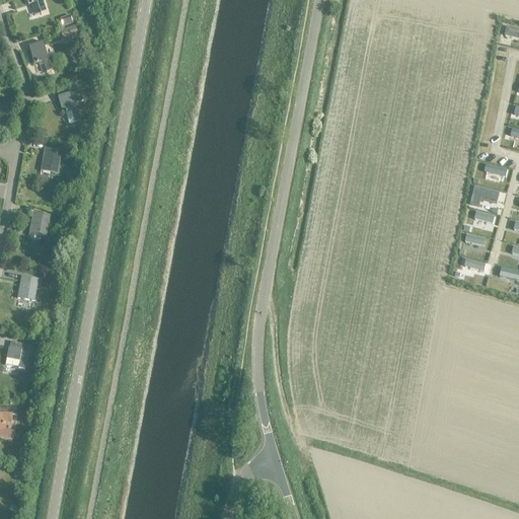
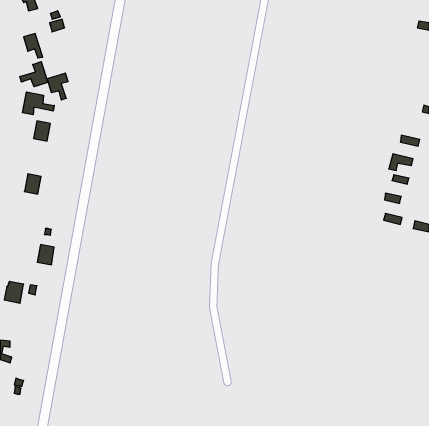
building: none -> [20,62,48,87]
building: none -> [22,92,54,115]
building: [17,274,38,298] -> [37,245,54,265]

